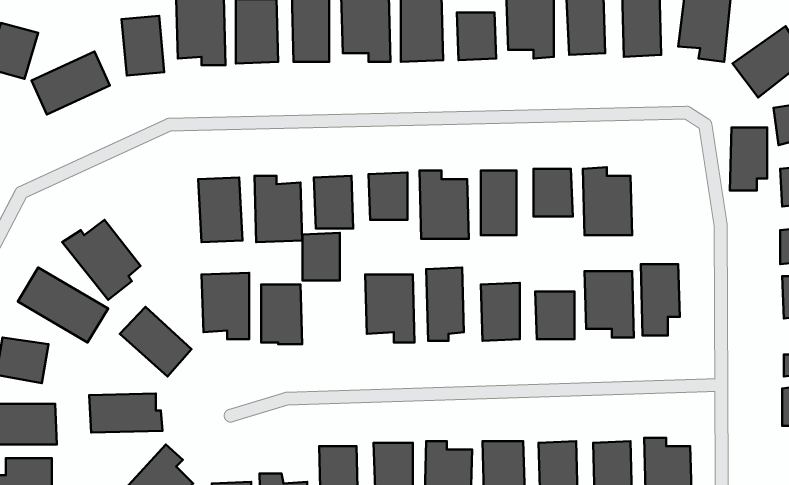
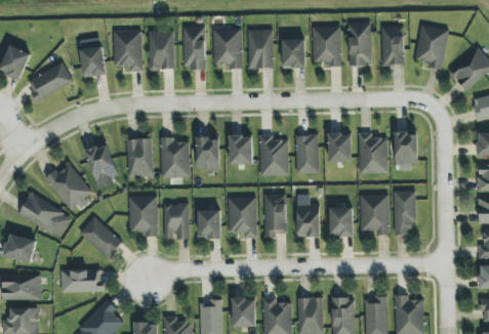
building: [730,128,767,191] -> [395,132,417,170]
building: none -> [84,143,119,186]
building: [302,233,340,281] -> [198,209,220,238]

